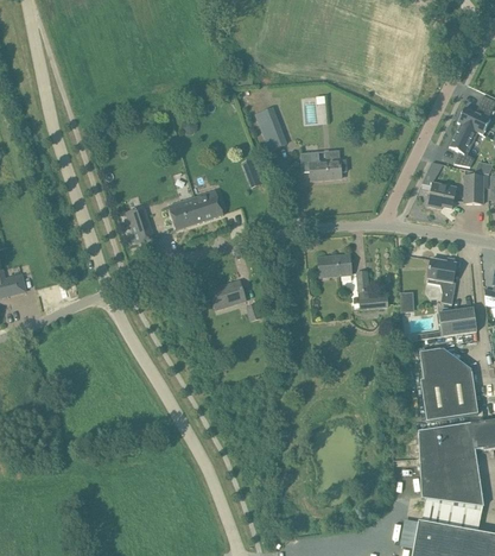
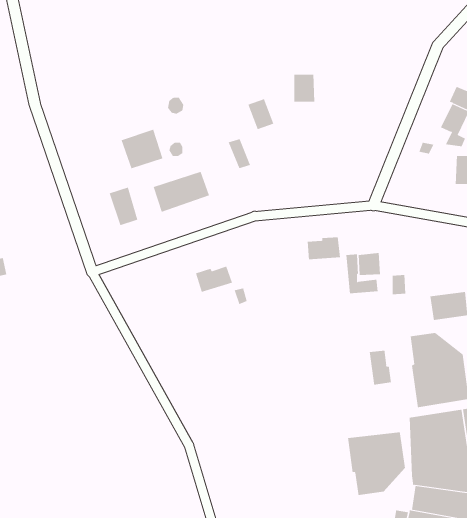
building: none -> [121,129,163,169]
building: [300,151,347,179] -> none
building: [427,181,456,207] -> none
building: [426,257,456,303] -> none
building: none -> [369,350,392,385]
building: none -> [347,431,405,496]

